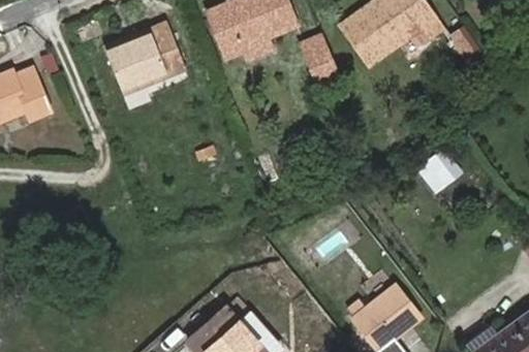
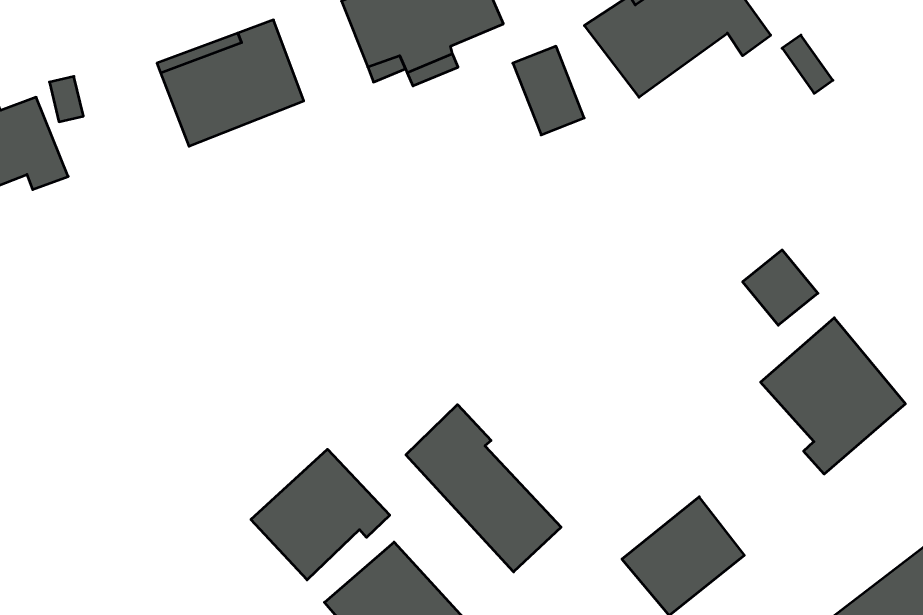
building: none -> [761,318,905,474]
building: none -> [406,405,561,572]
building: none -> [251,449,390,580]

